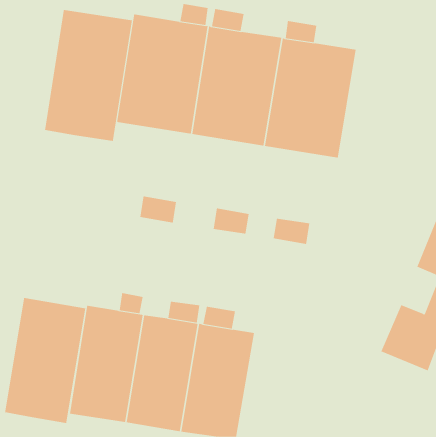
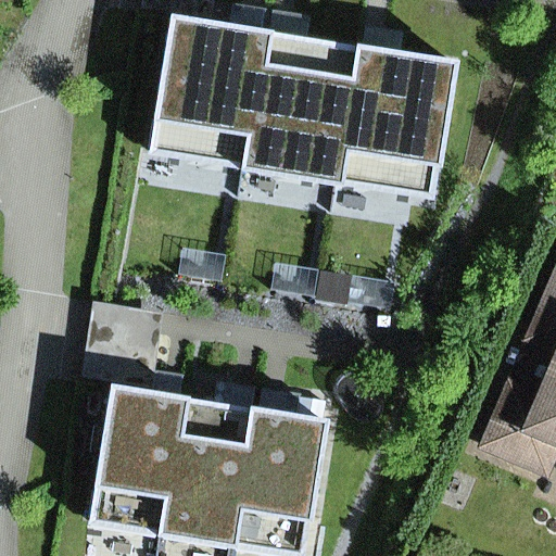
building: [45,9,132,142] -> none
building: [5,297,86,424] -> none

